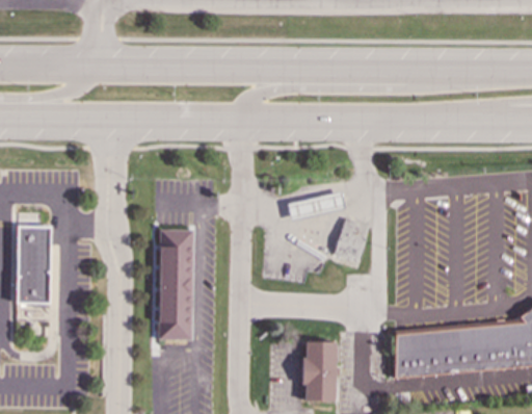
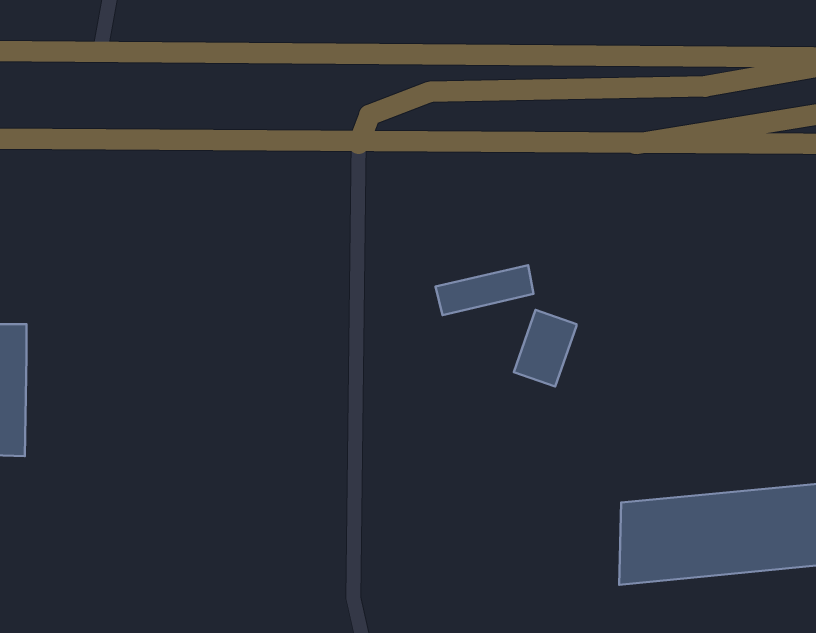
building: [158,229,193,340] -> none
building: [301,341,337,400] -> none

